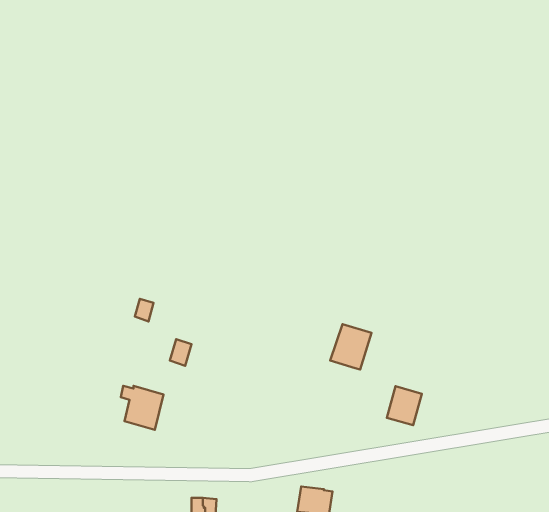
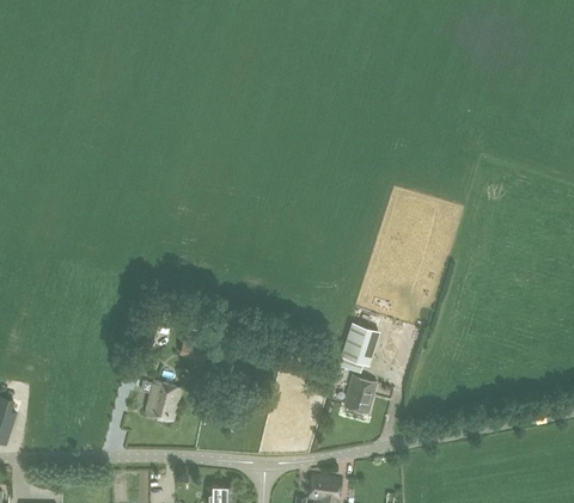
building: [387,386,422,425] -> [343,376,377,413]

